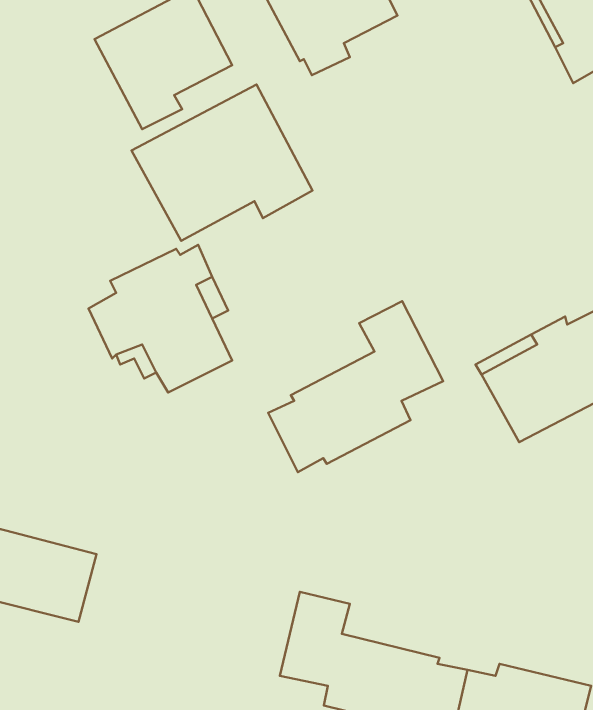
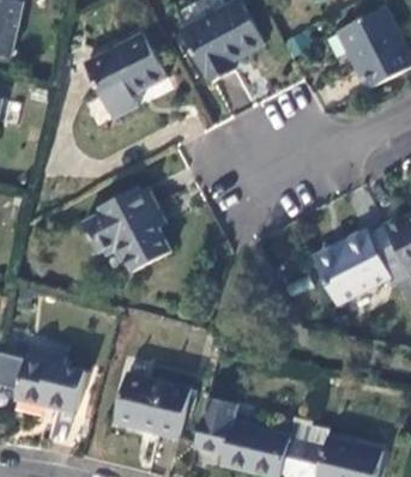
building: [132,84,312,241] -> none
building: [268,301,443,472] -> none
building: none -> [115,374,188,437]

